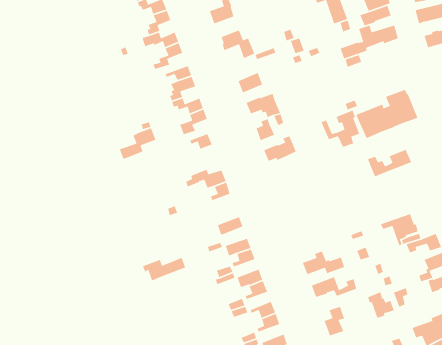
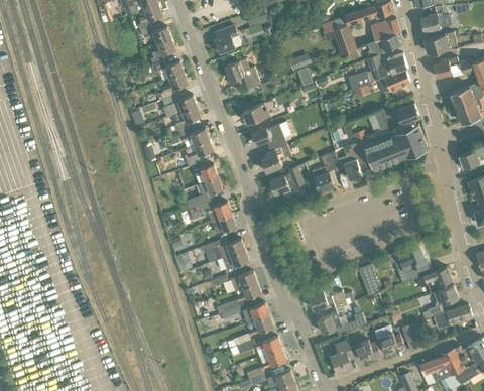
building: none -> [378,69,410,93]
building: none -> [313,153,335,191]
building: [119,127,156,160] -> [185,176,223,210]
building: [367,149,412,177] -> [373,103,419,132]
building: [142,257,186,282] -> [200,238,245,263]
building: none -> [347,338,381,361]

